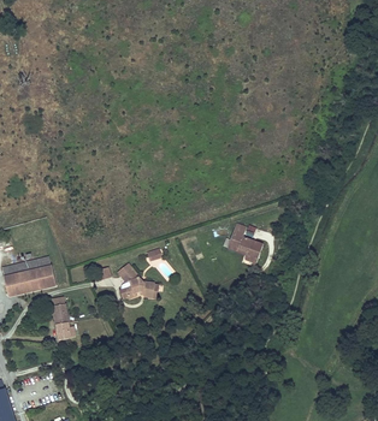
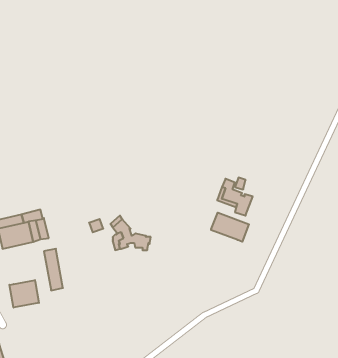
building: none -> [211,213,249,242]
building: none -> [9,280,39,308]

